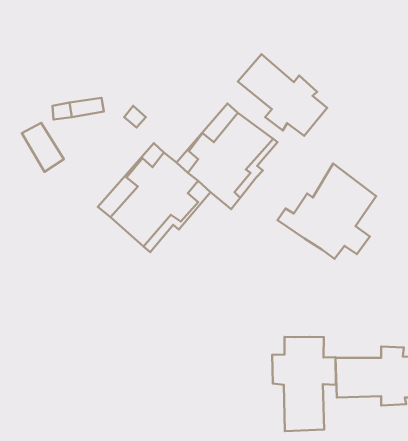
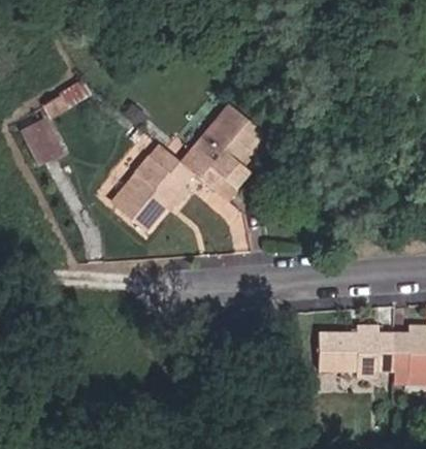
building: [238,54,327,136] -> none
building: [278,164,376,259] -> none
building: [272,337,336,431] -> none

